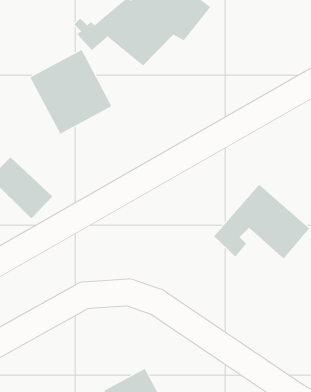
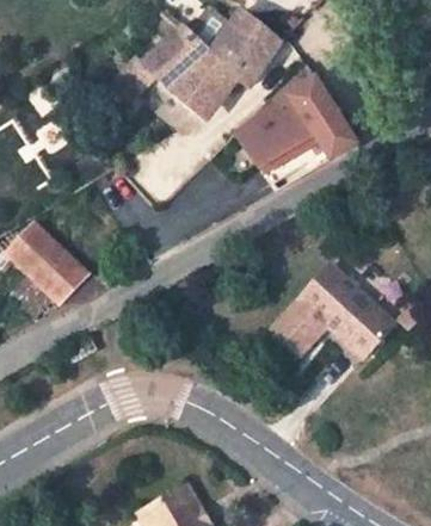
building: none -> [228,76,350,188]
building: [29,49,112,134] -> none

